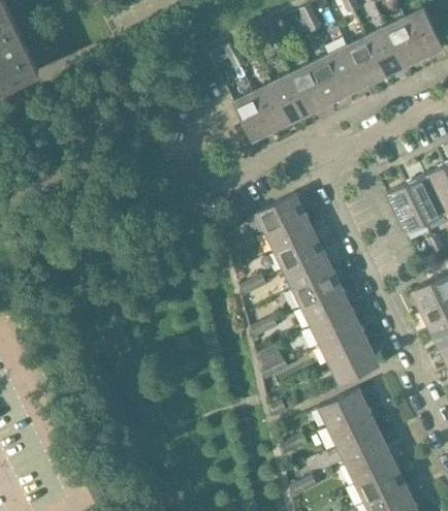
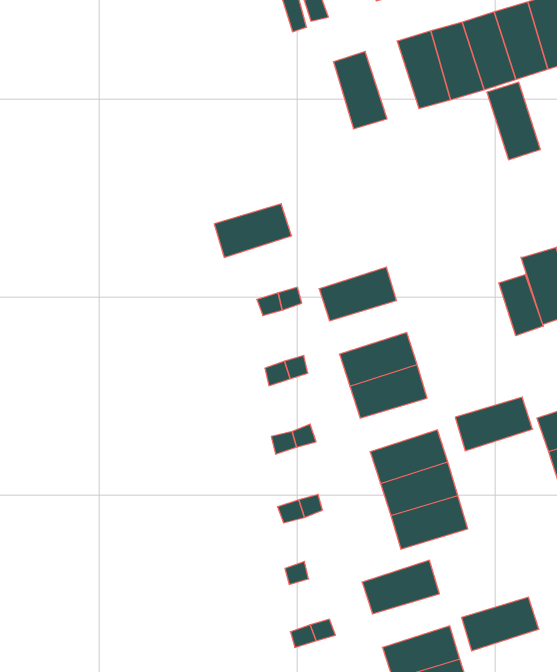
building: [271,74,310,123] -> [487,82,540,160]
building: [233,93,271,142] -> none
building: [256,195,305,233] -> [214,204,292,257]
building: none -> [499,274,543,336]
building: [275,233,323,272] -> none
building: [302,290,351,328] -> [455,397,533,451]
building: [328,409,377,447] -> [462,597,539,651]

